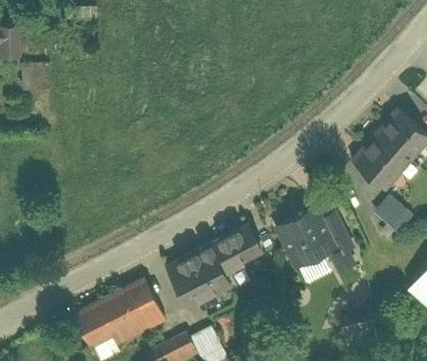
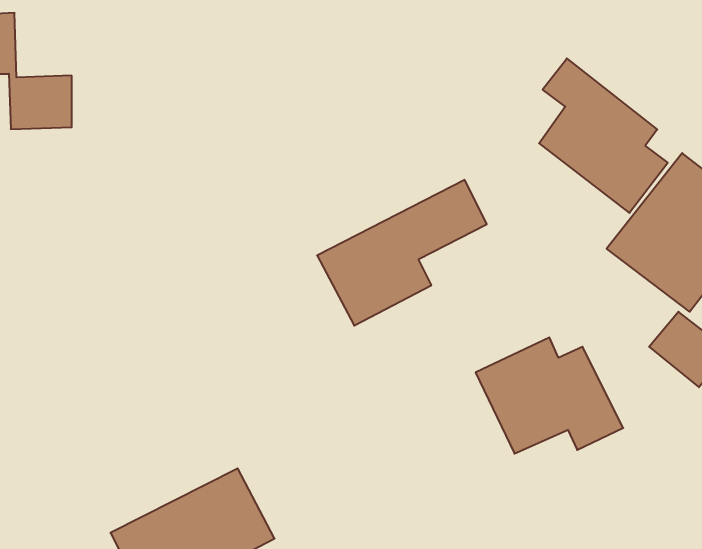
building: none -> [539,58,668,213]
building: [165,226,259,307] -> [317,180,487,326]

